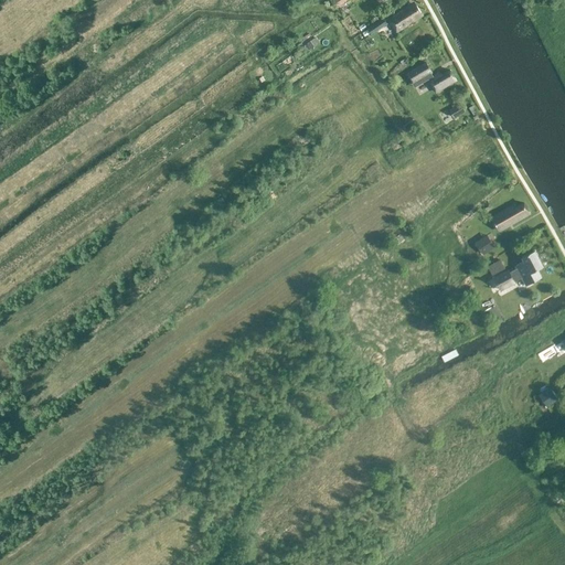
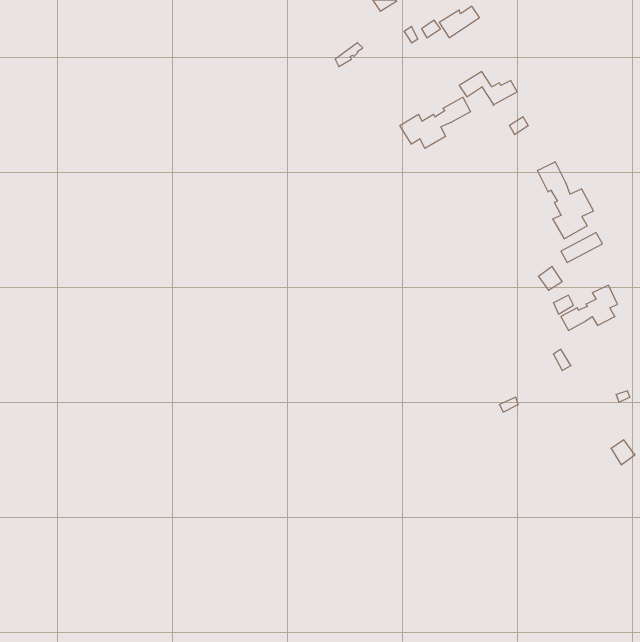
building: none -> [400,97,471,148]
building: none -> [537,162,593,239]

